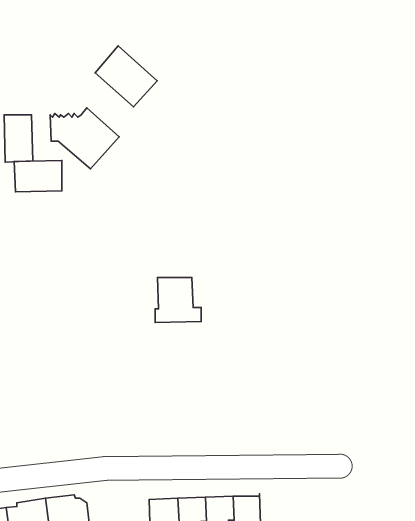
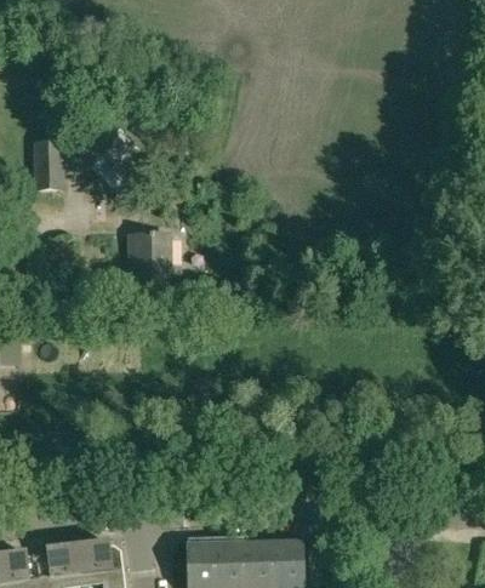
building: [95,46,157,107] -> none
building: [14,160,62,192] -> none
building: [155,278,201,323] -> [131,238,179,285]

